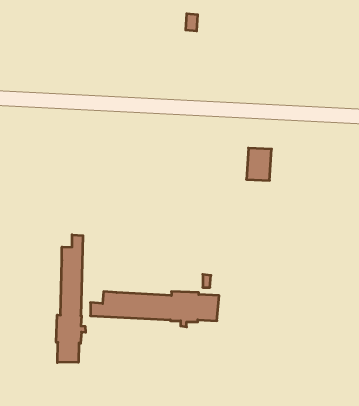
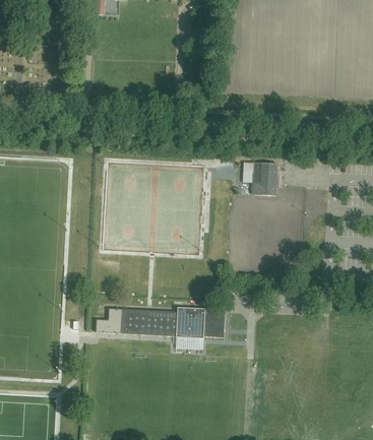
building: [56,235,86,363] -> none

